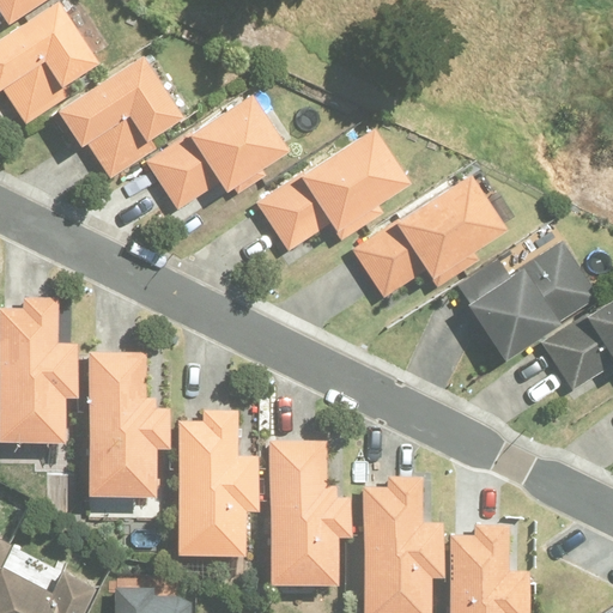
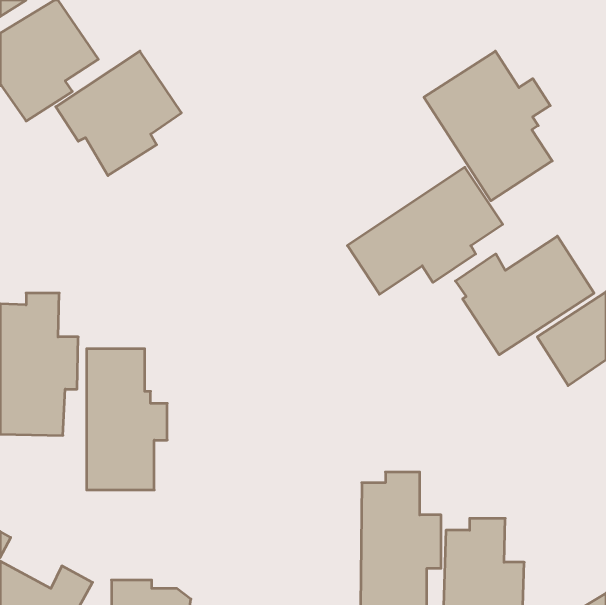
building: none -> [424,51,552,201]
building: [146,92,289,211] -> none
building: [256,126,411,250] -> none
building: [178,411,260,554] -> none
building: [271,442,352,584] -> none

